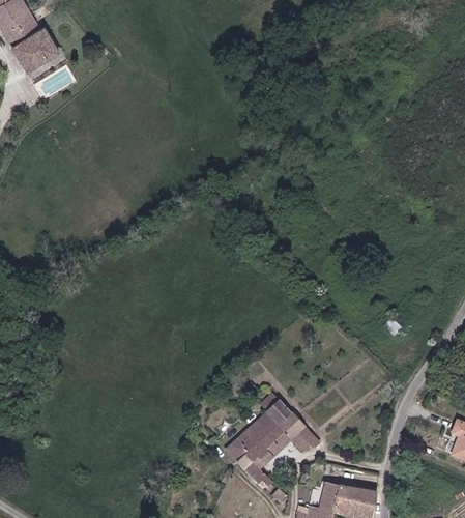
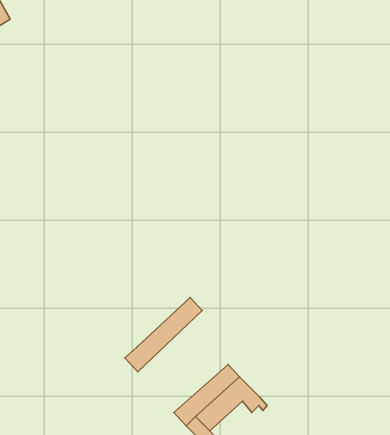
building: none -> [125,298,202,372]

